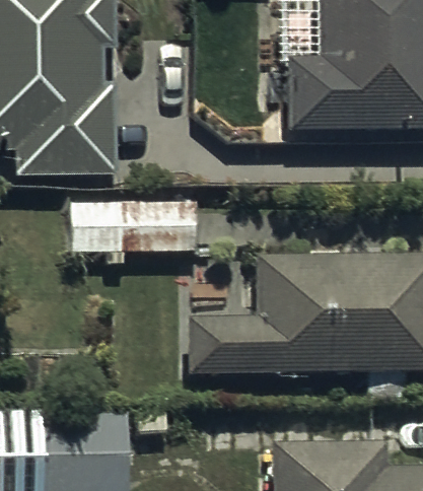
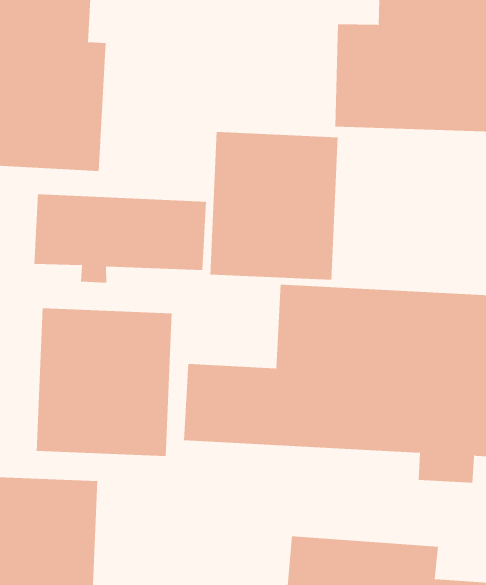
building: none -> [210,131,338,281]
building: none -> [36,307,172,457]

